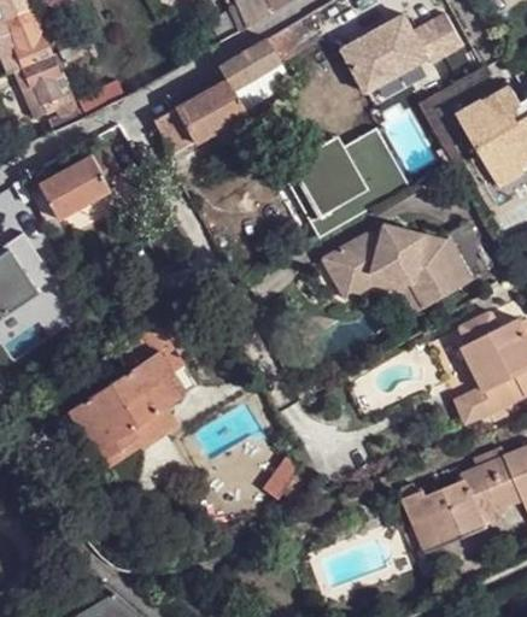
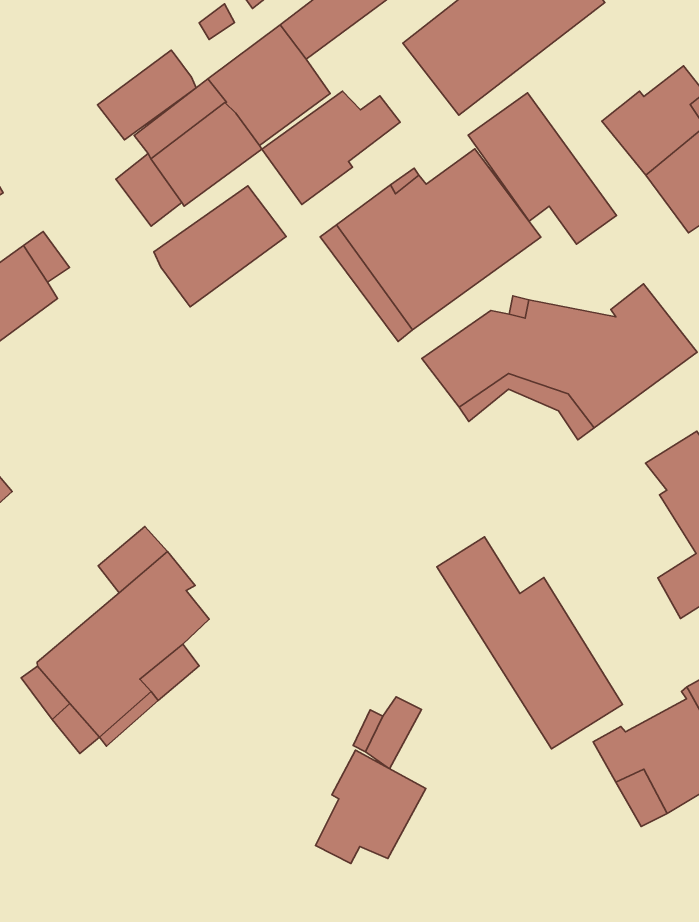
building: none -> [98,50,196,140]
building: none -> [262,91,400,204]
building: none -> [468,93,616,244]
building: none -> [154,186,286,307]
building: none -> [437,537,623,749]
building: none -> [316,750,426,864]

